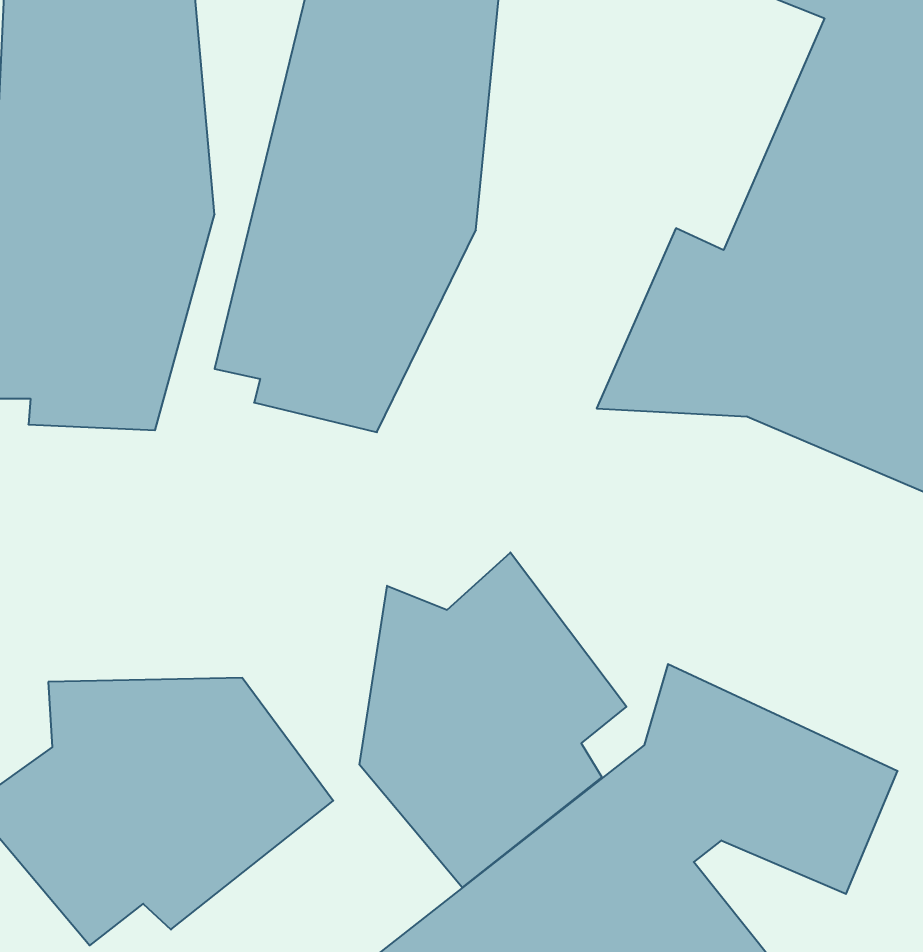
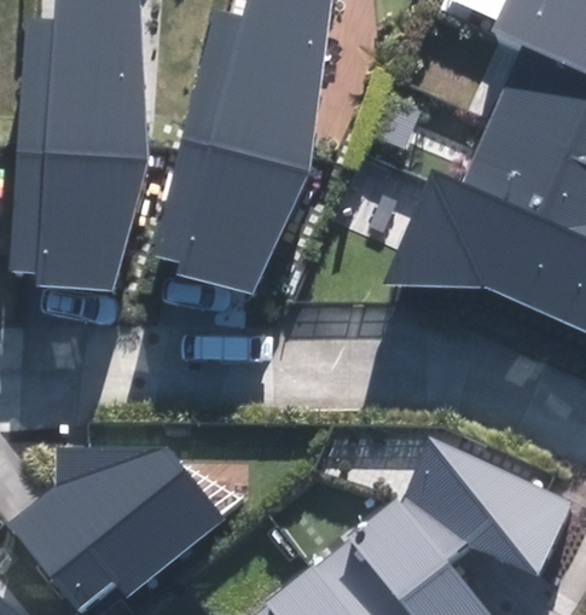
building: [360,552,626,888] -> none

